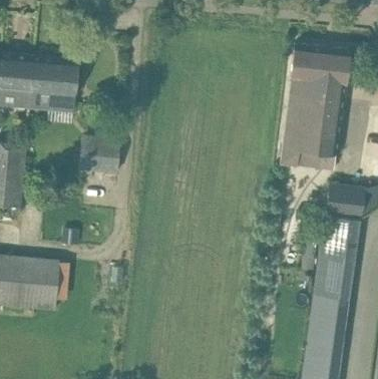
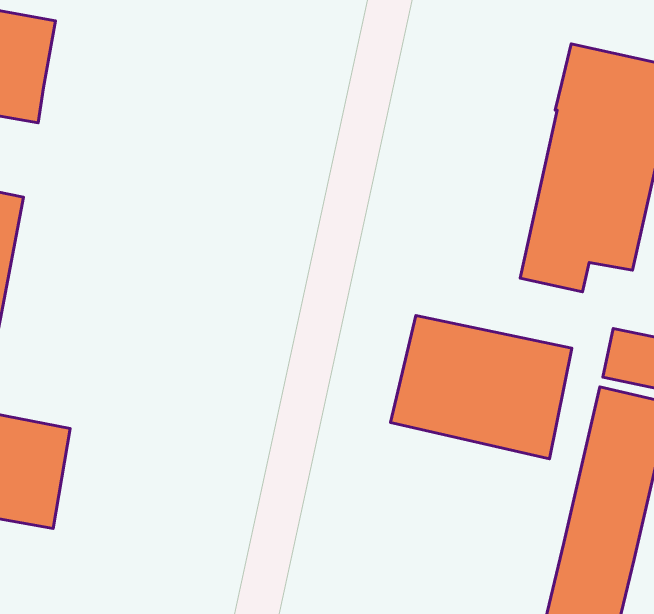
building: [29,56,78,114] -> none
building: [88,137,120,173] -> none
building: none -> [391,315,572,459]

